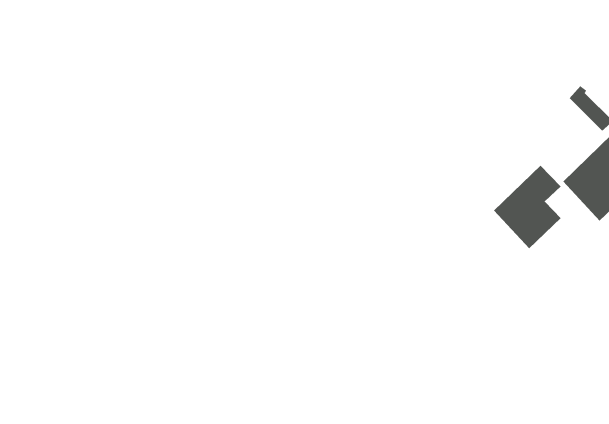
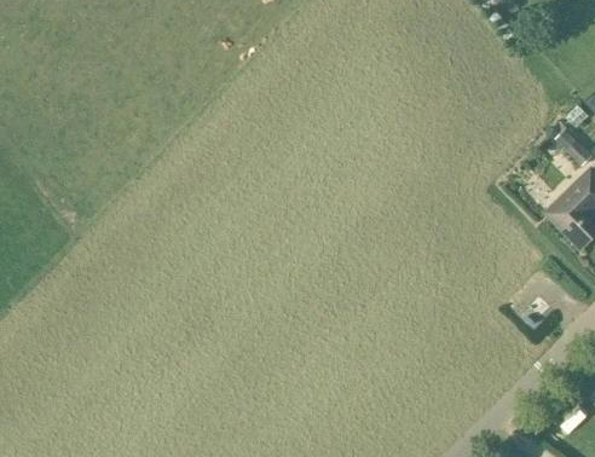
building: [493,165,562,249] -> none

